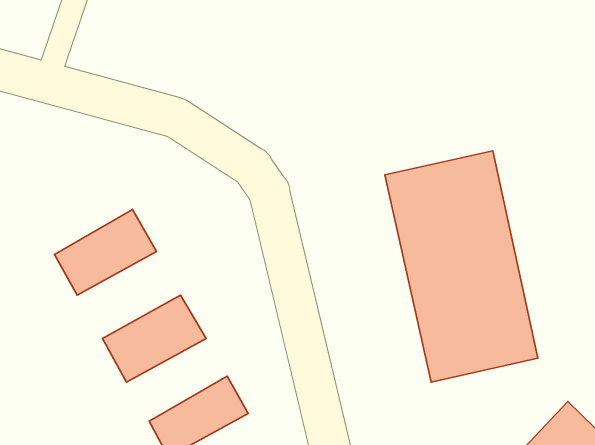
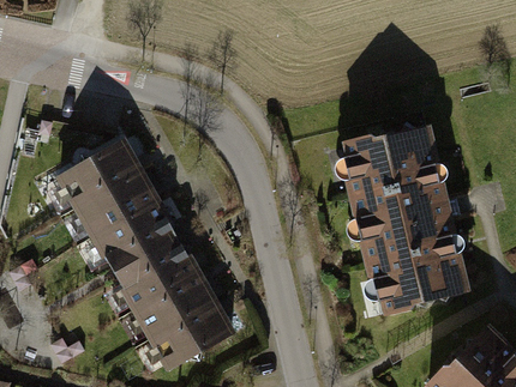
building: none -> [59,141,139,208]
building: none -> [95,206,178,276]
building: none -> [134,276,215,341]

